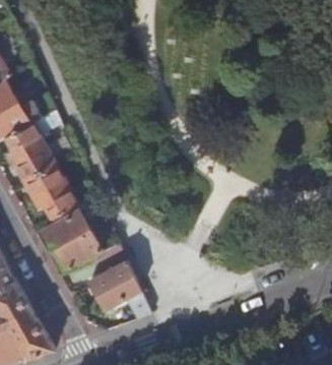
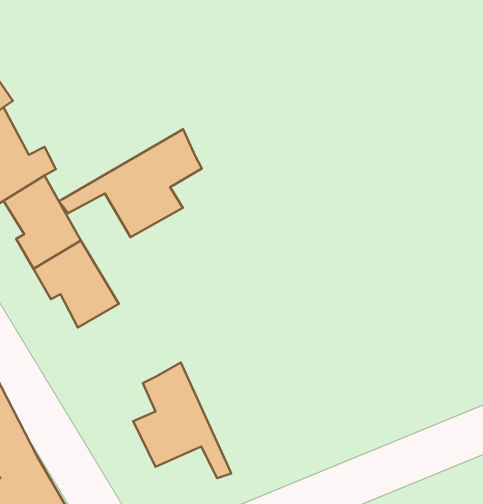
building: none -> [59,129,202,237]
building: [44,209,102,268] -> none

